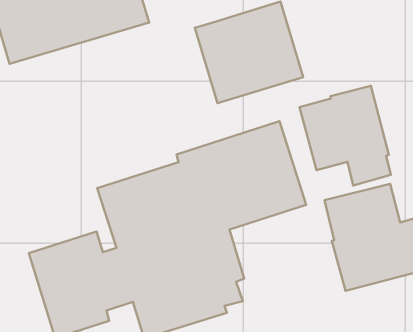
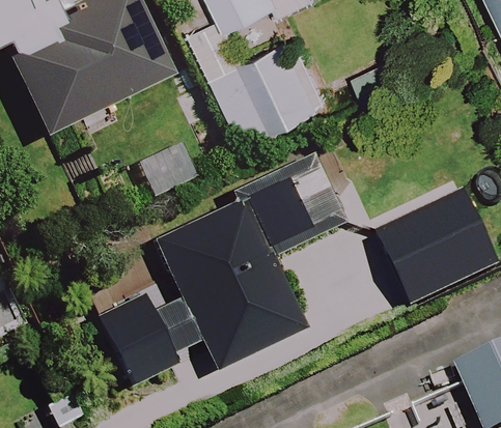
building: [299,86,391,185] -> none

